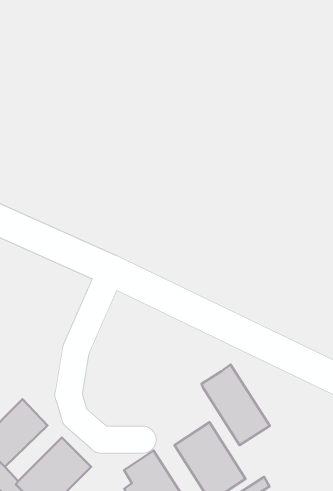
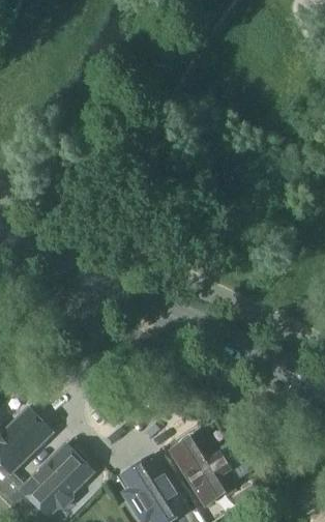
building: [201,364,270,445] -> none

